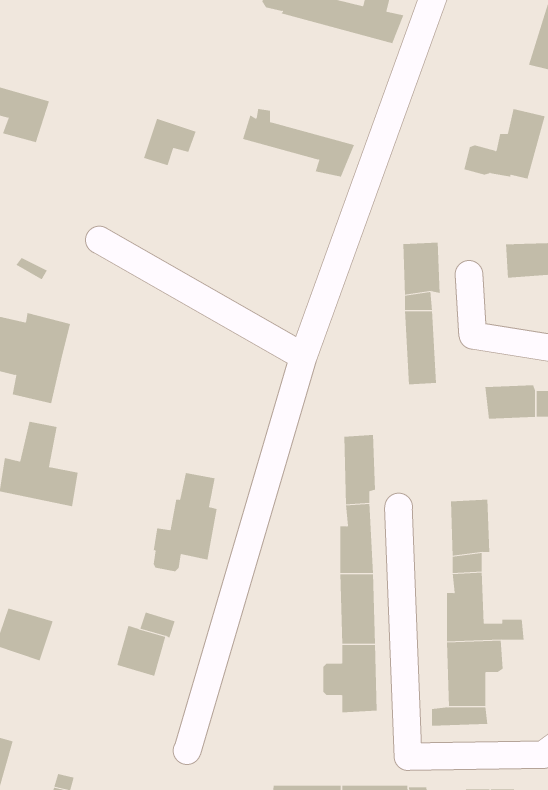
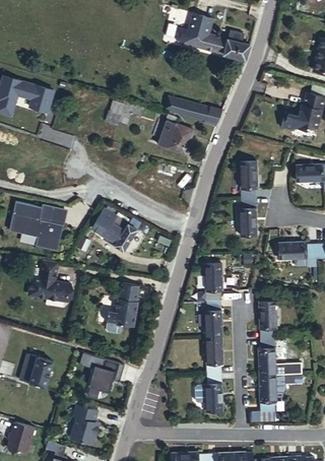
building: none -> [154,124,183,155]
building: none -> [94,212,132,253]
building: none -> [68,406,98,446]

